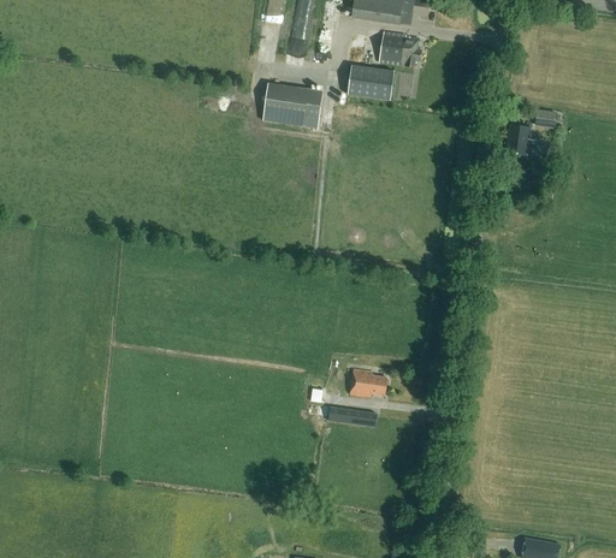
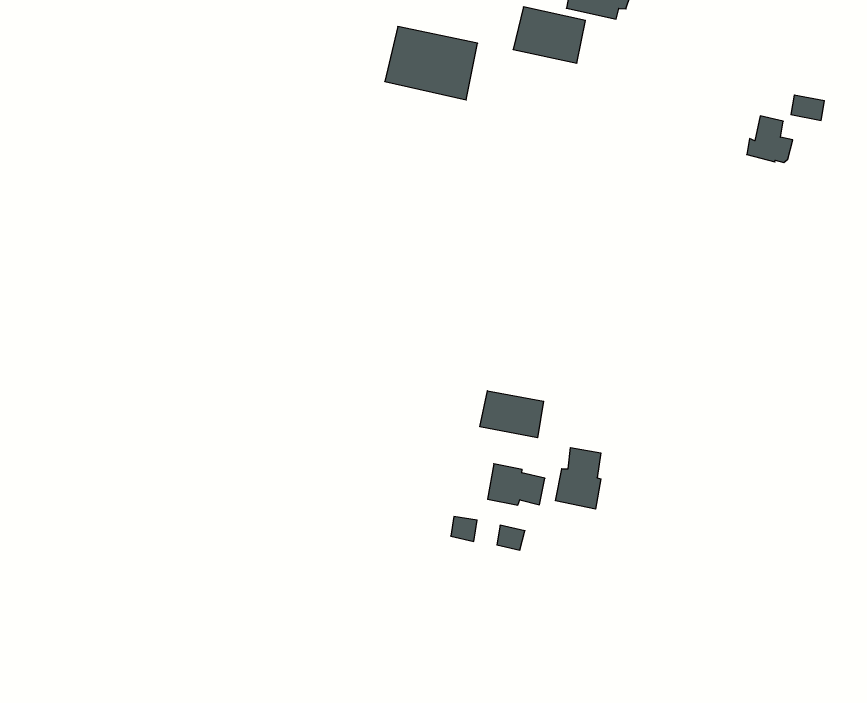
building: none -> [480,391,544,438]
building: none -> [556,448,601,509]

